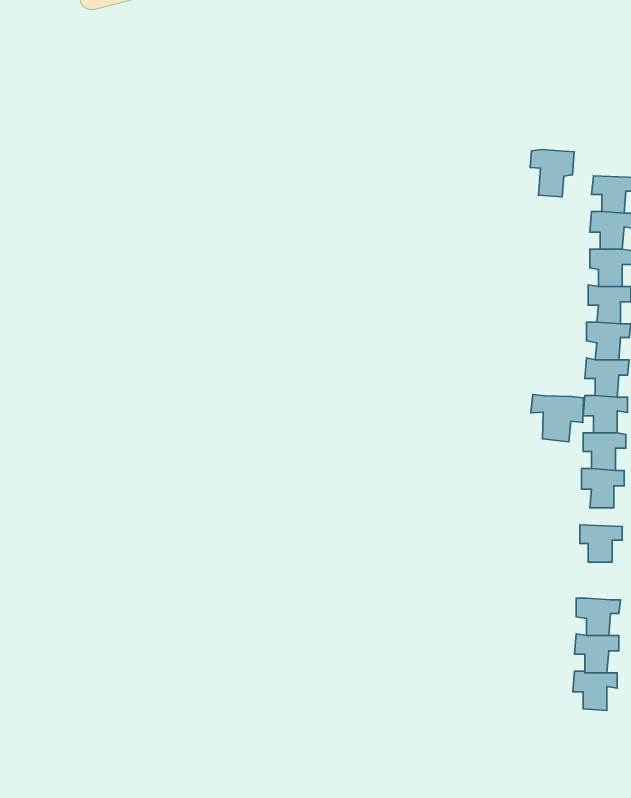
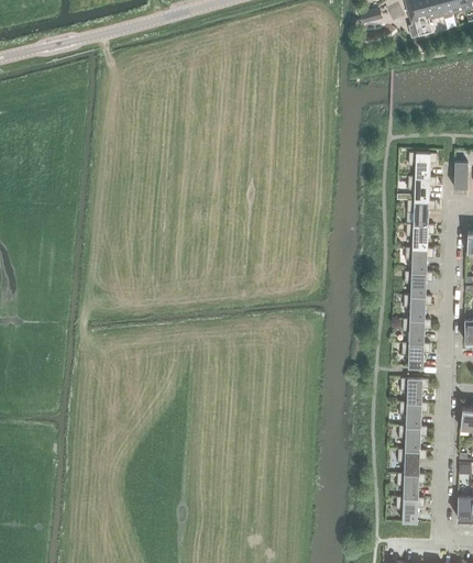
building: [530,149,574,197] -> none
building: [531,394,584,442] -> none
building: none -> [399,401,427,427]
building: none -> [396,497,424,522]

